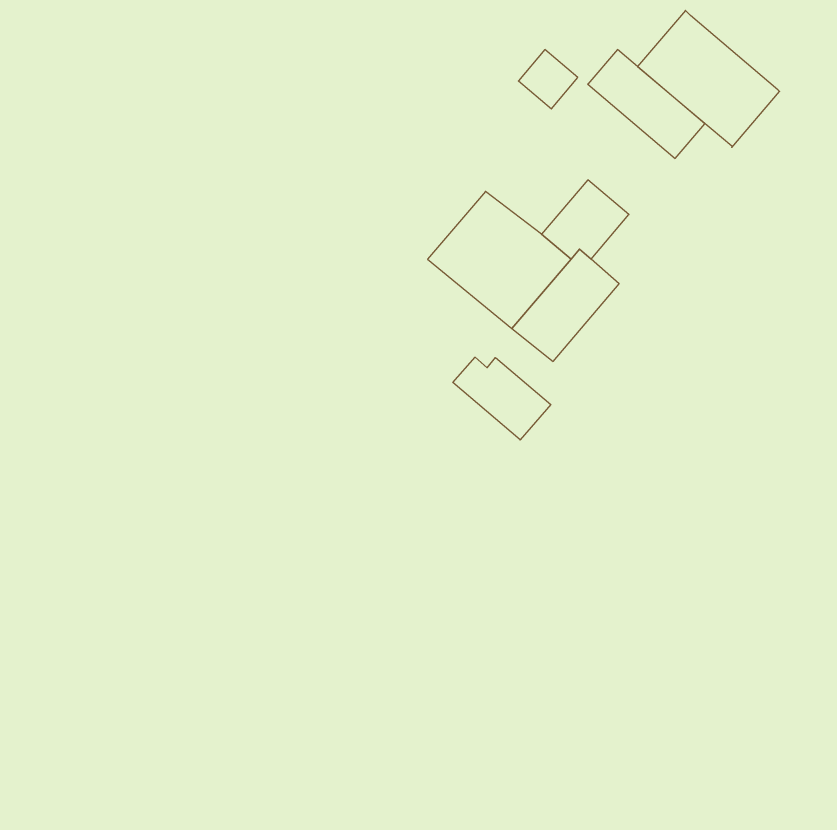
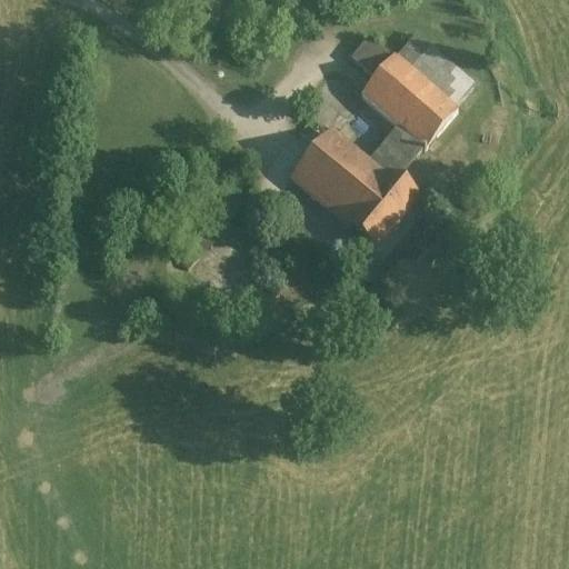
building: [638,10,780,147] -> [360,53,456,146]
building: [453,357,551,440] -> none

